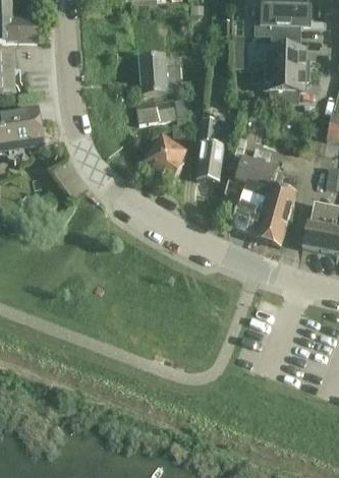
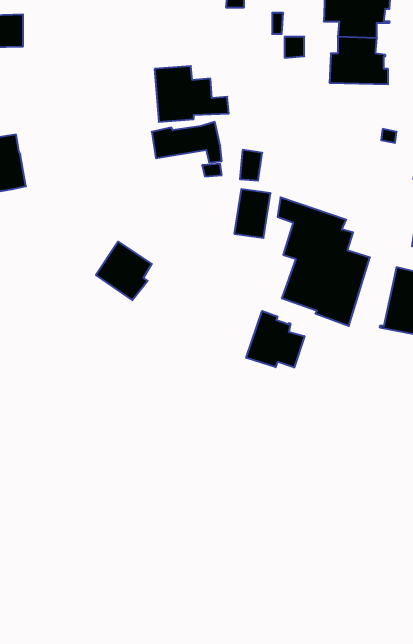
building: [266,66,308,100] -> none
building: [145,137,185,180] -> [96,242,152,300]
building: none -> [246,311,304,368]

